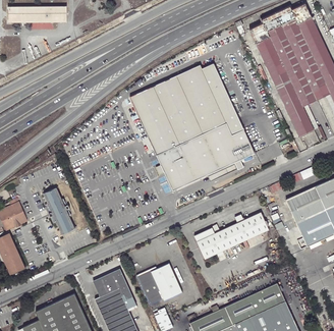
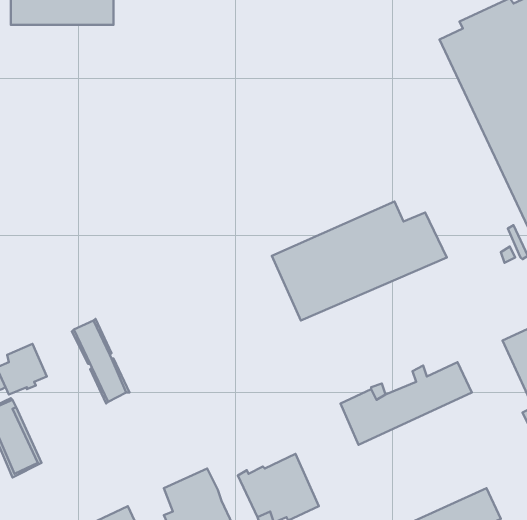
building: [131,64,242,152] -> none

